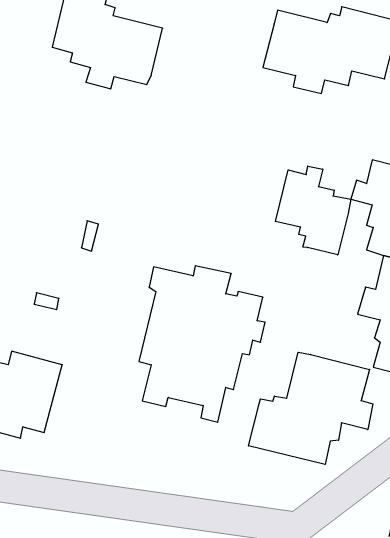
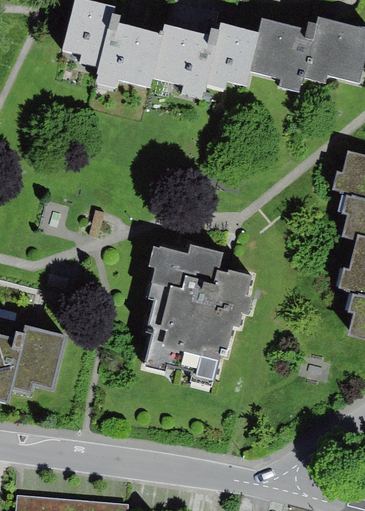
building: none -> [151,22,260,98]
building: [275,166,351,255] -> none
building: [249,352,373,464] -> none

